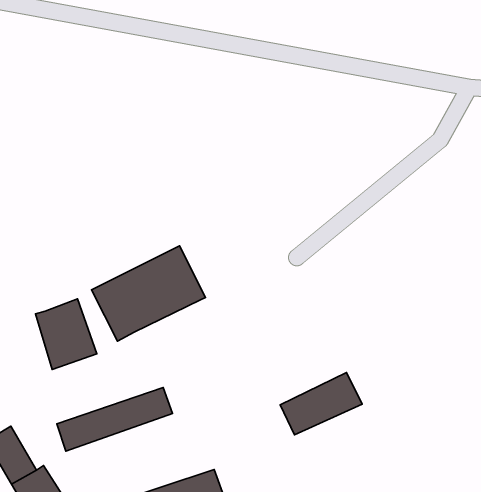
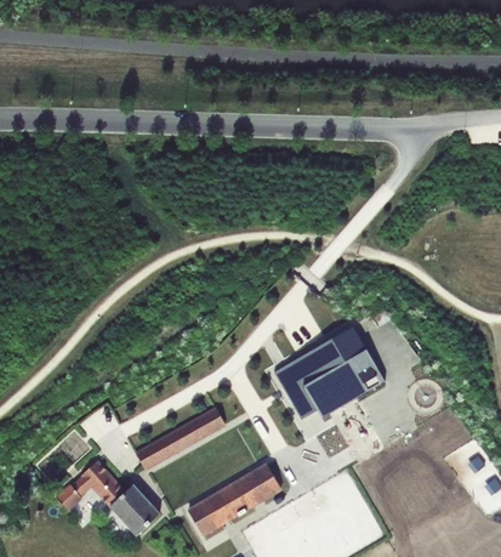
building: [91,246,205,341] -> [272,329,364,414]
building: [36,299,97,369] -> none

